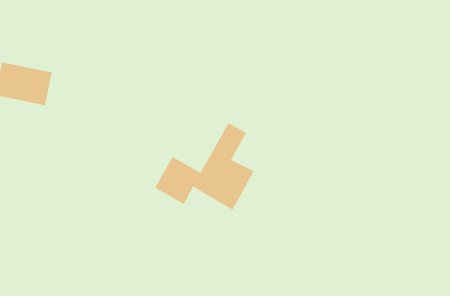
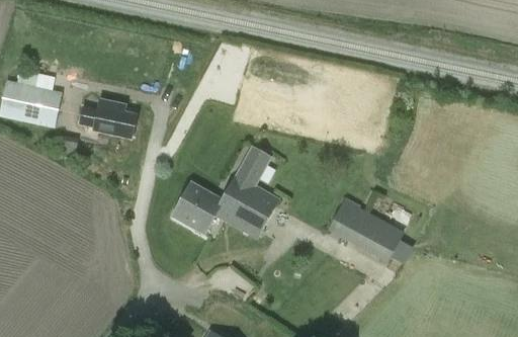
building: none -> [78,100,135,137]
building: none -> [327,198,403,262]

